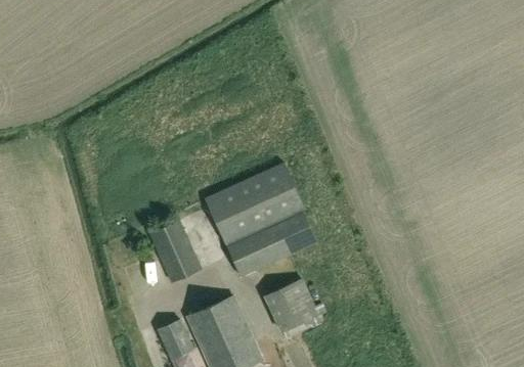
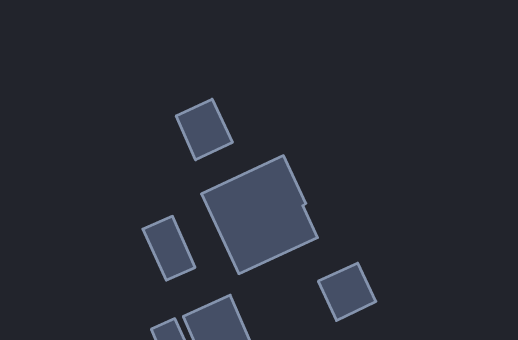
building: none -> [176,99,232,160]
building: [264,278,319,333] -> [318,263,376,321]

